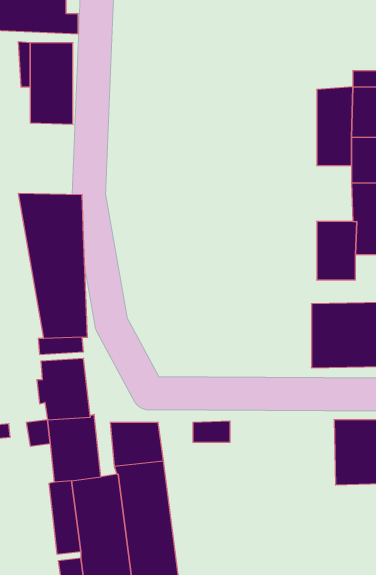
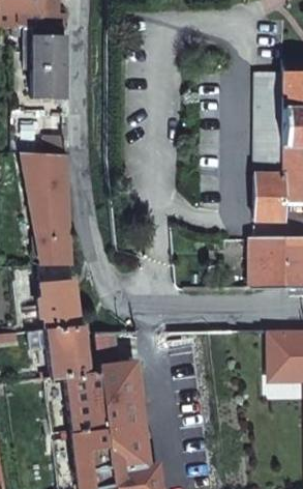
building: none -> [255,132,283,175]

